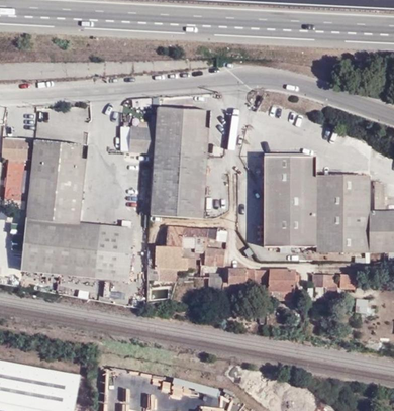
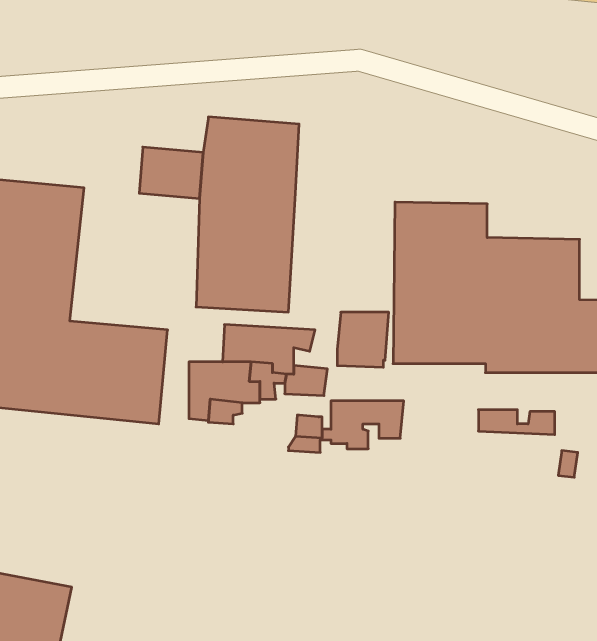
building: [267,269,296,300] -> [337,312,389,367]

